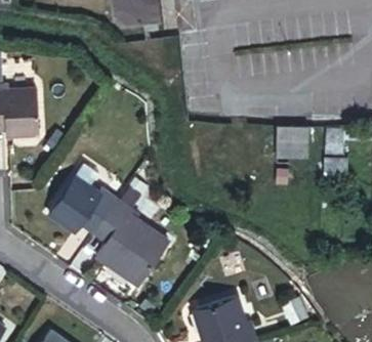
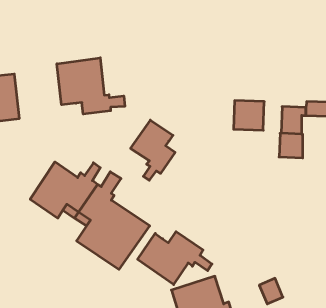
building: none -> [57,58,125,114]
building: none -> [131,120,175,180]
building: none -> [138,232,212,285]

